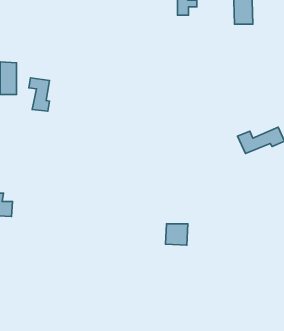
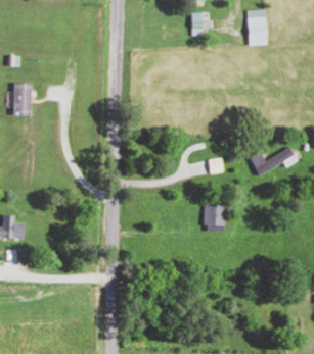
building: [29,78,50,111] -> none
building: [165,224,188,245] -> [204,205,226,226]

